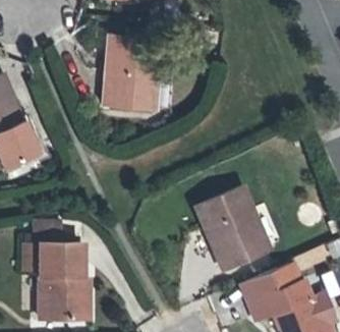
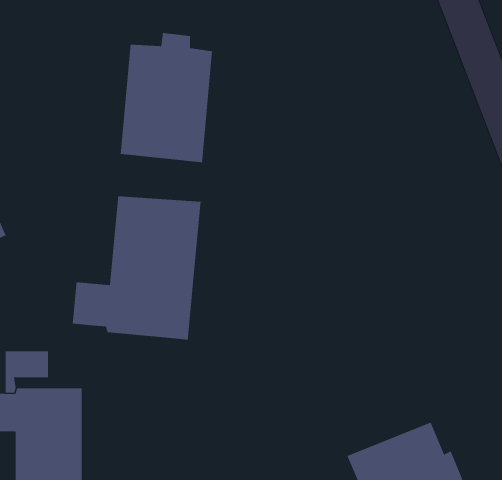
building: none -> [72,195,201,340]
building: [197,186,270,268] -> none

